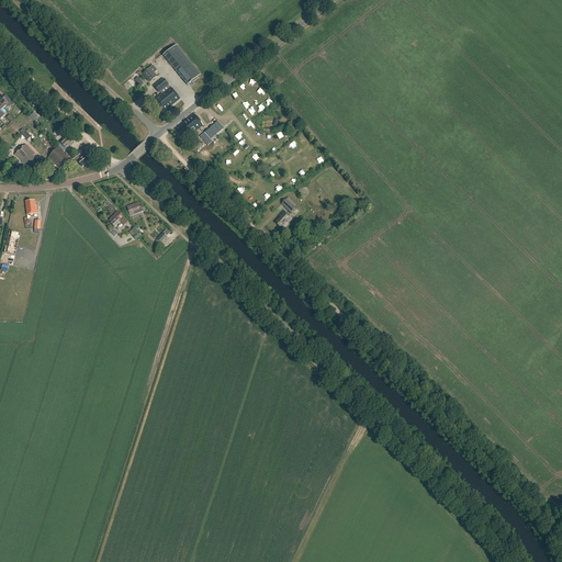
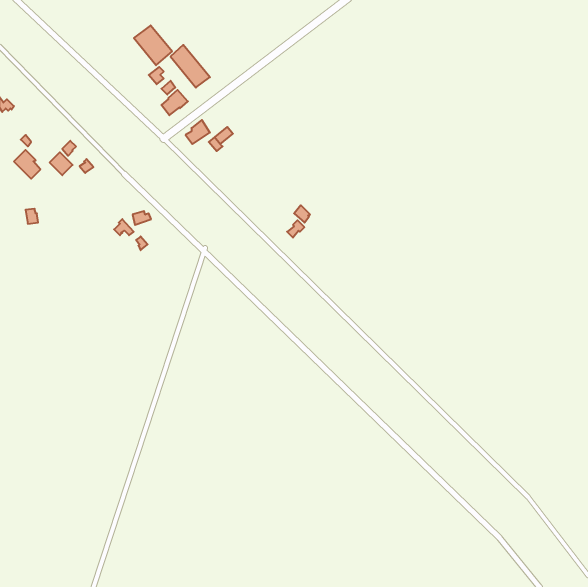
building: none -> [134,25,172,65]

